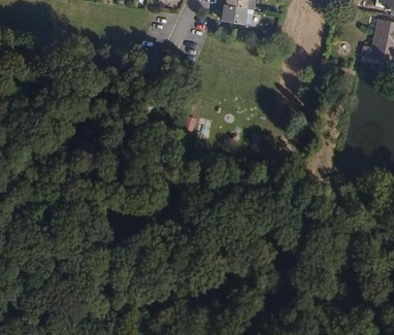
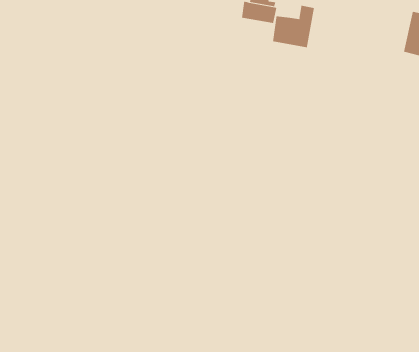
building: none -> [272,5,315,48]

